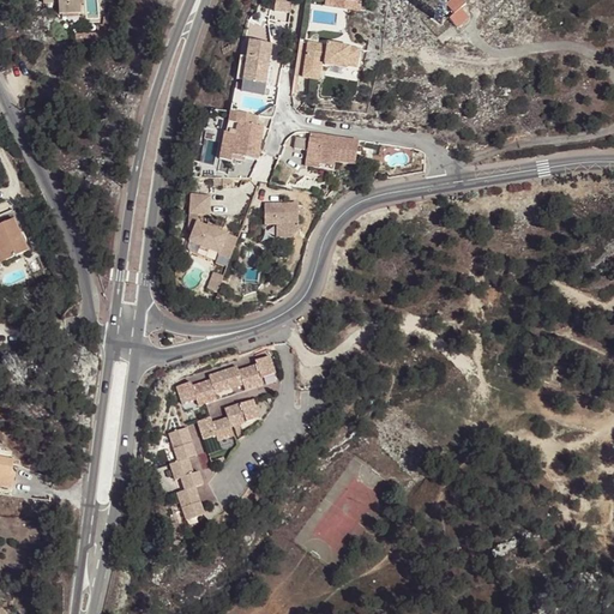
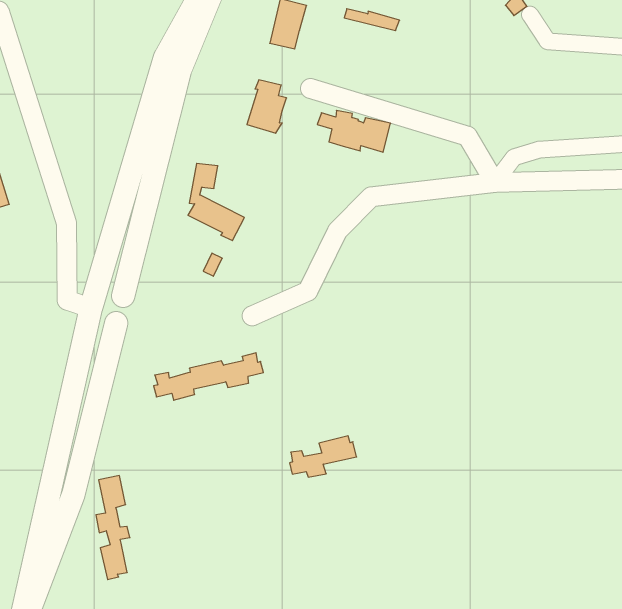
building: [303,46,360,73] -> none
building: [264,201,299,237] -> none
building: [197,399,255,440] -> [290,436,357,477]
building: [167,431,201,524] -> [96,476,130,580]

